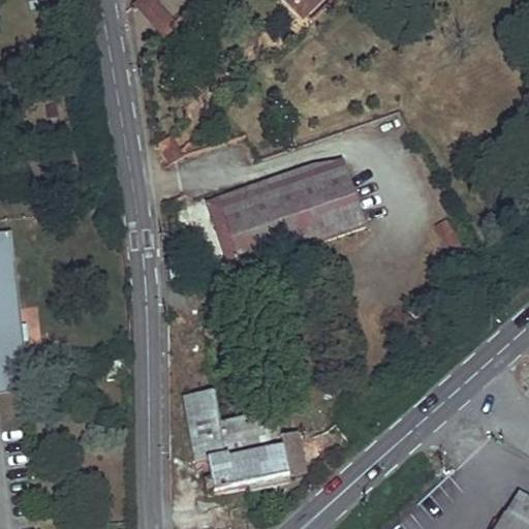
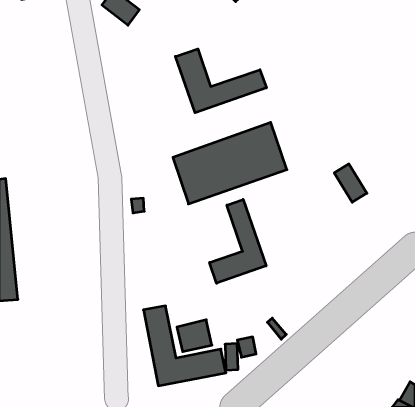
building: none -> [175,49,266,113]
building: none -> [210,199,266,283]

